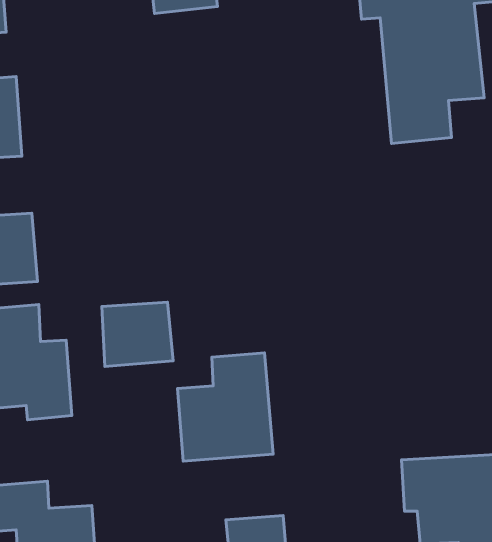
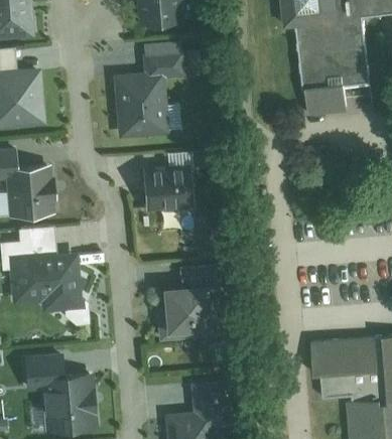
building: none -> [111,41,182,137]
building: [102,302,173,366] -> [142,165,192,210]

